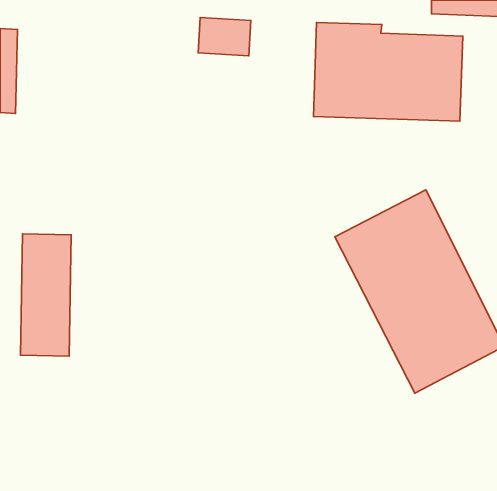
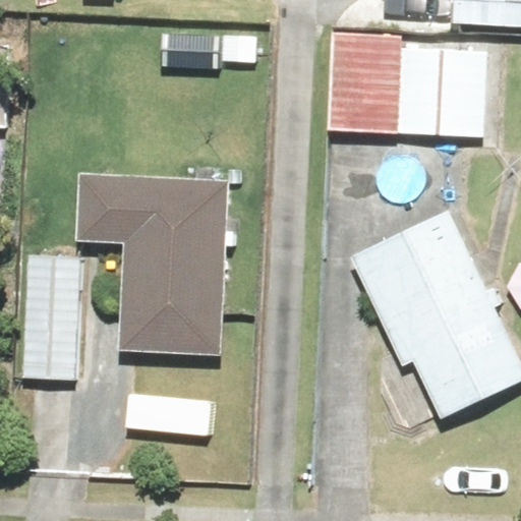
building: none -> [81,178,227,357]

